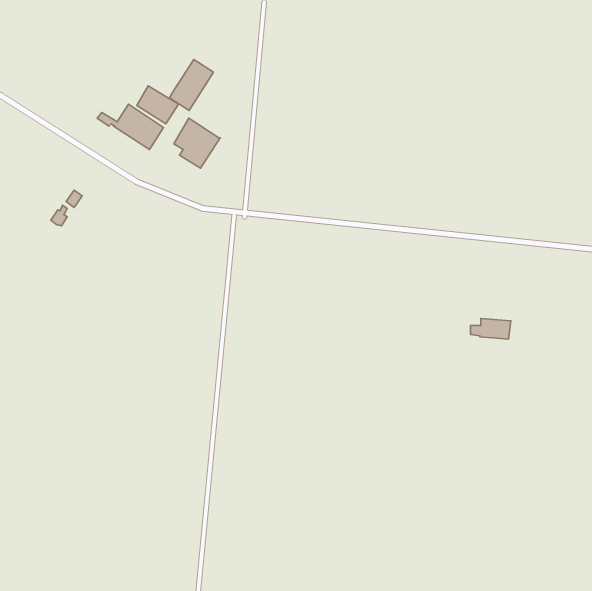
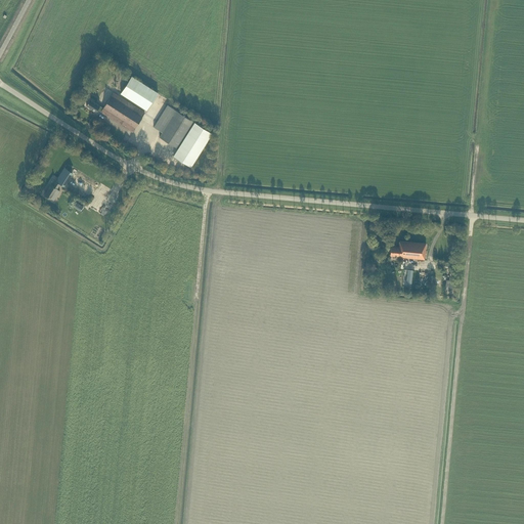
building: [169,60,213,111] -> [173,123,212,168]
building: [470,318,511,339] -> [390,242,426,260]

